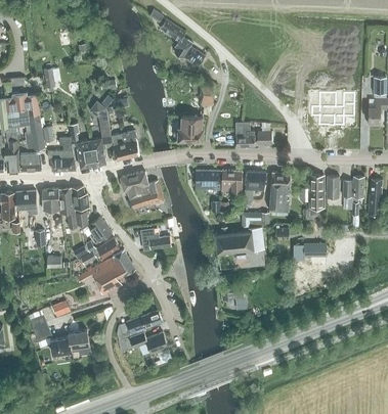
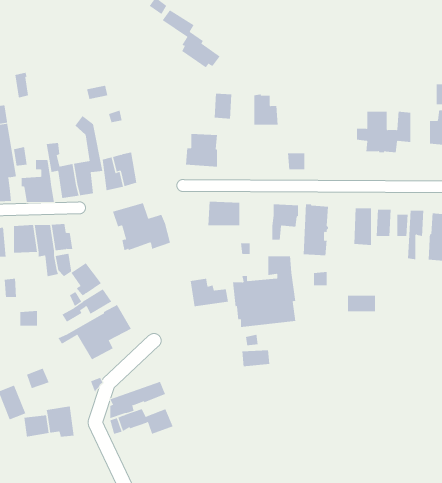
building: [235,122,255,146] -> [254,94,278,125]
building: [221,171,242,191] -> none
building: [140,228,171,250] -> [190,278,229,307]

